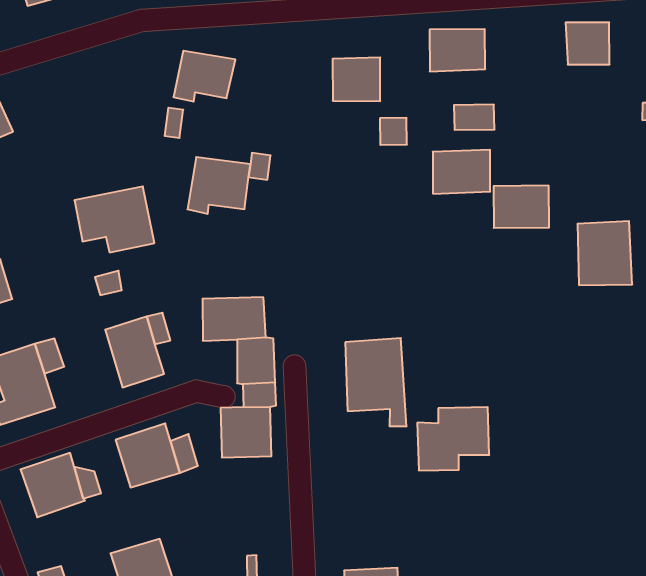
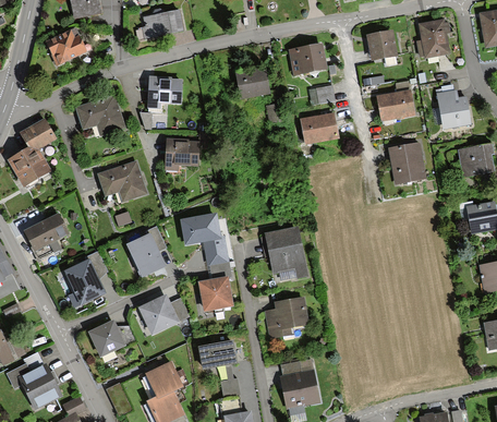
building: none -> [75,95,122,132]
building: [494,186,549,228] -> [378,91,413,119]
building: [417,407,489,470] -> [264,297,307,338]
building: none -> [198,340,234,366]

